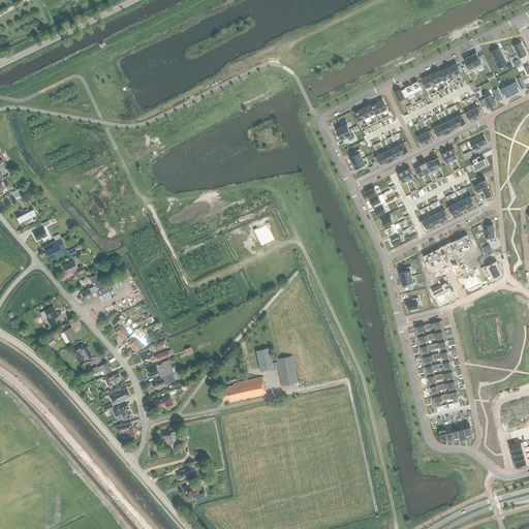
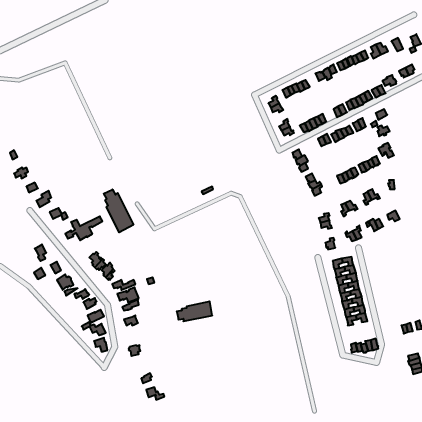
building: none -> [104,189,133,232]
building: [256,347,298,386] -> none

